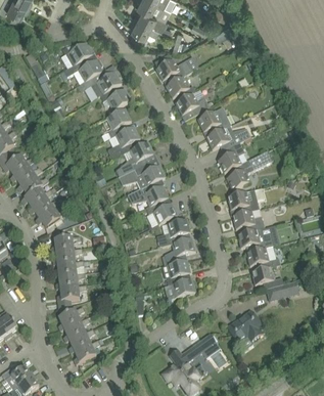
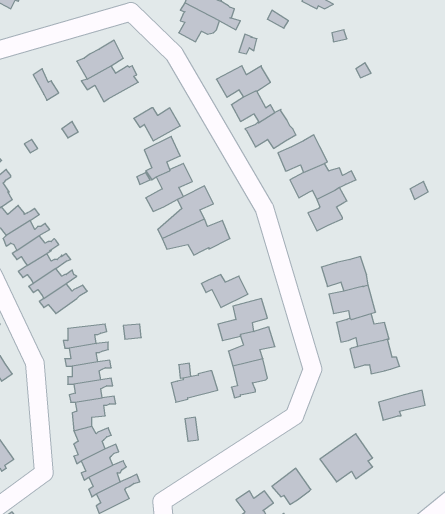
building: [82,70,121,95] -> none
building: [226,149,272,188] -> none
building: [127,182,169,205] -> none
building: [251,266,283,288] -> none
building: [164,277,195,299] -> [171,371,218,402]

